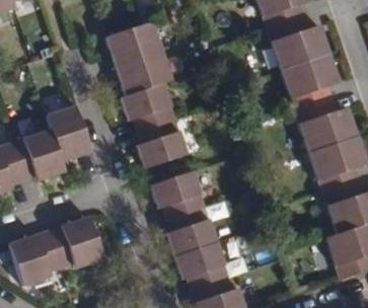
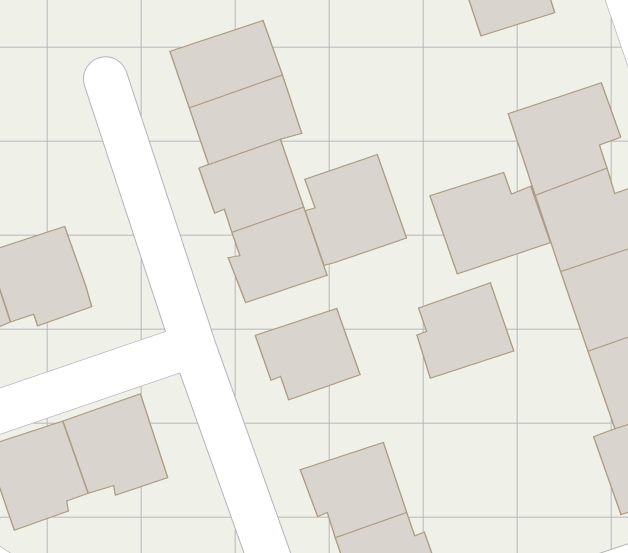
building: [267,16,329,69] -> [430,173,550,274]
building: none -> [305,154,406,266]
building: [45,103,90,159] -> none
building: [165,205,216,254] -> [417,283,514,378]

